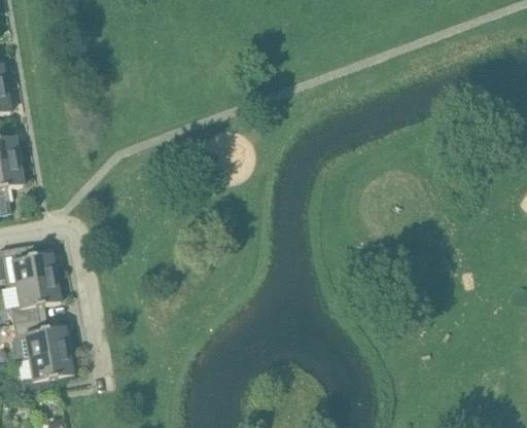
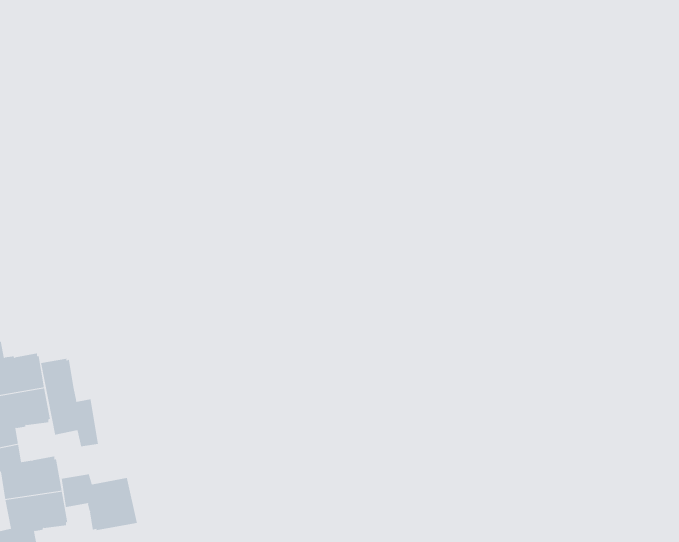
building: none -> [41,358,98,447]
building: none -> [61,474,137,531]

